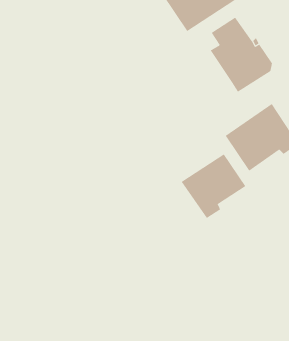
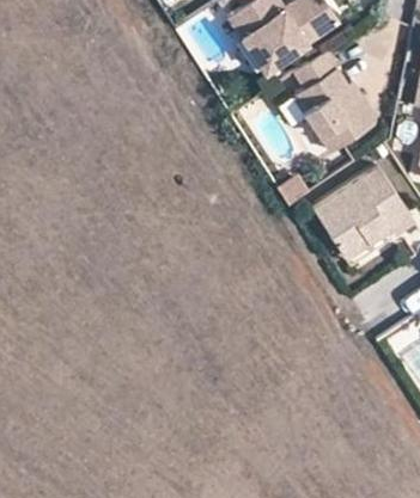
building: [181,154,246,219] -> none

